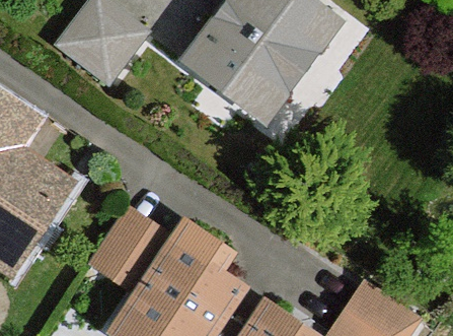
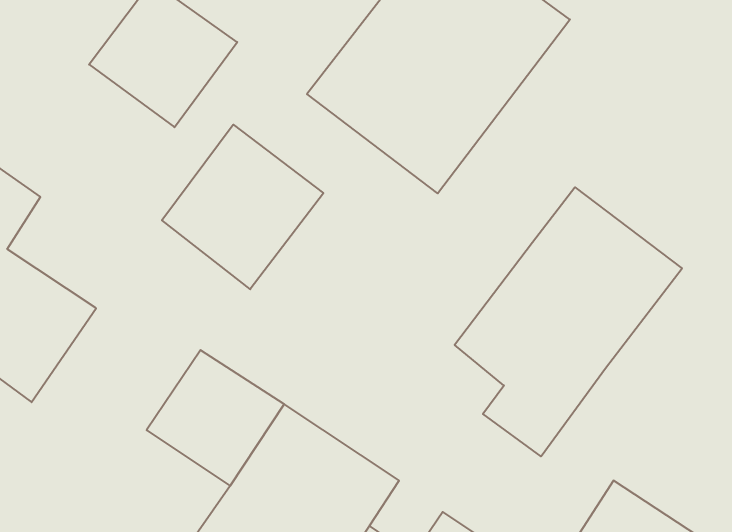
building: none -> [162,125,323,289]
building: none -> [455,187,682,456]

